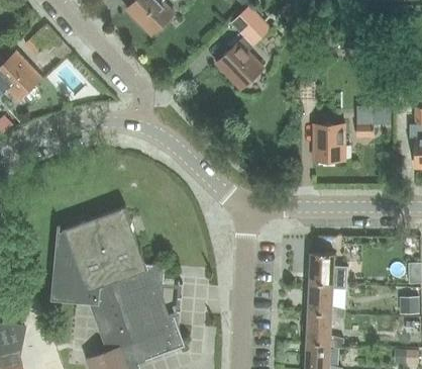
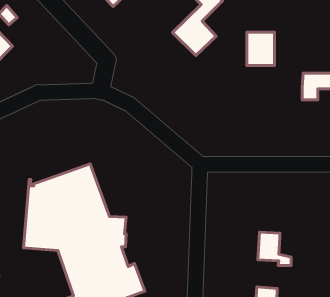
building: [313,123,343,160] -> [247,32,275,66]
building: [309,251,346,287] -> none
building: [306,311,342,348] -> none

